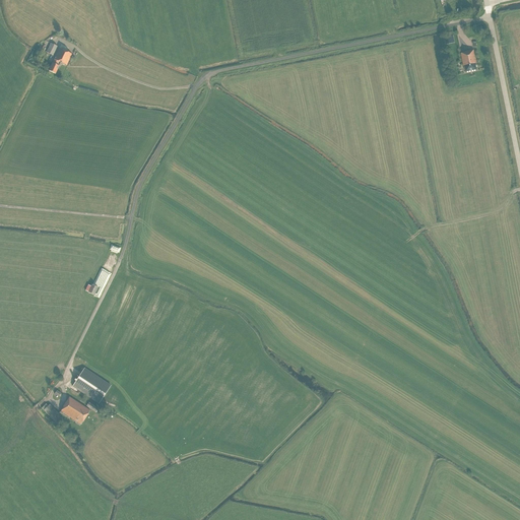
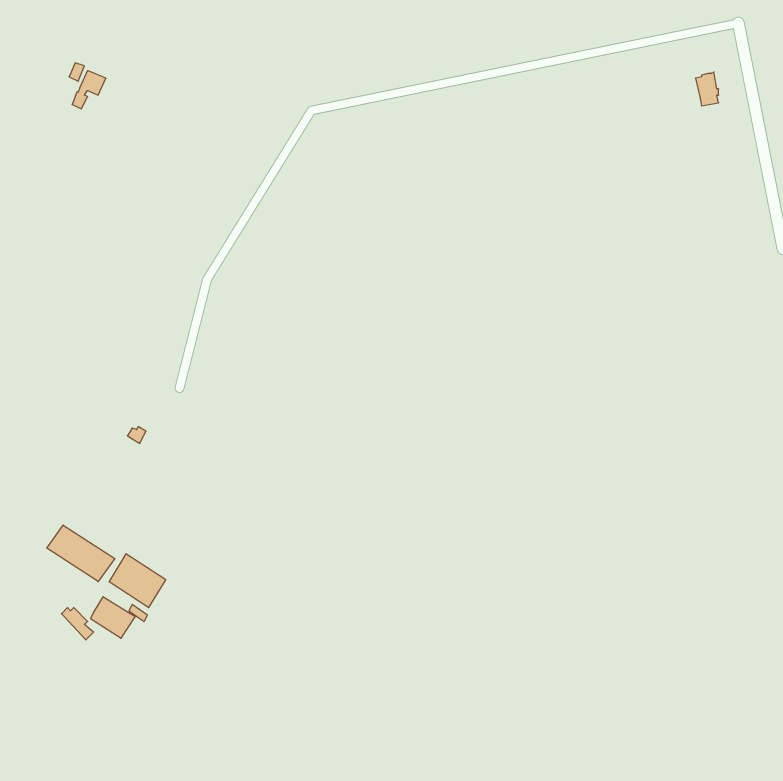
building: none -> [47,525,115,582]

